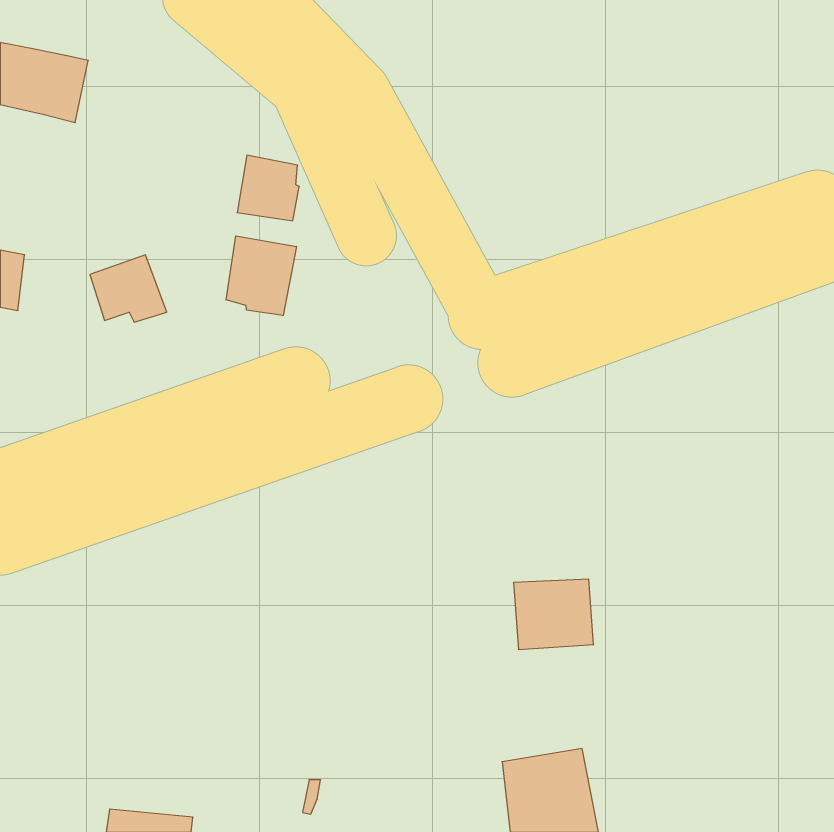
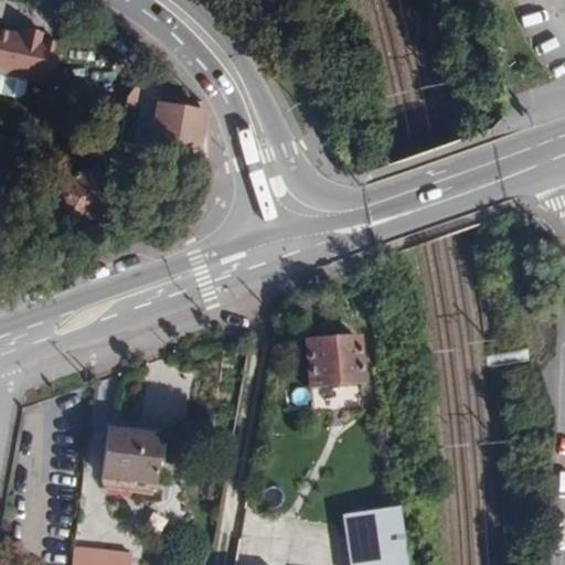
building: [226,236,296,316] -> none
building: [513,579,594,650] -> [306,338,360,385]
building: none -> [105,429,161,482]

